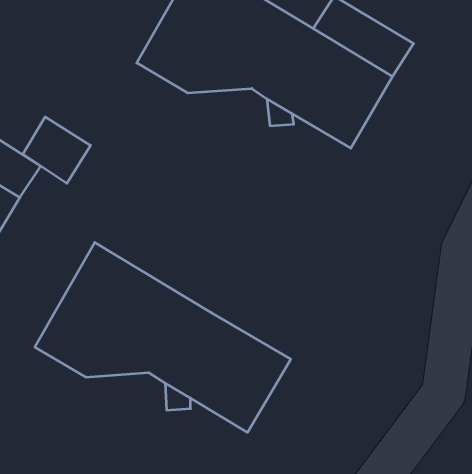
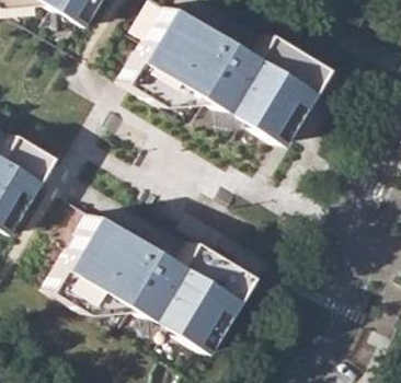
building: [23,117,91,183] -> none
building: none -> [183,240,255,298]

